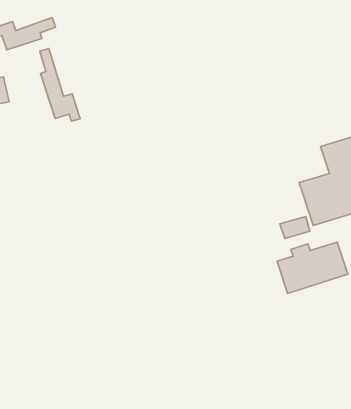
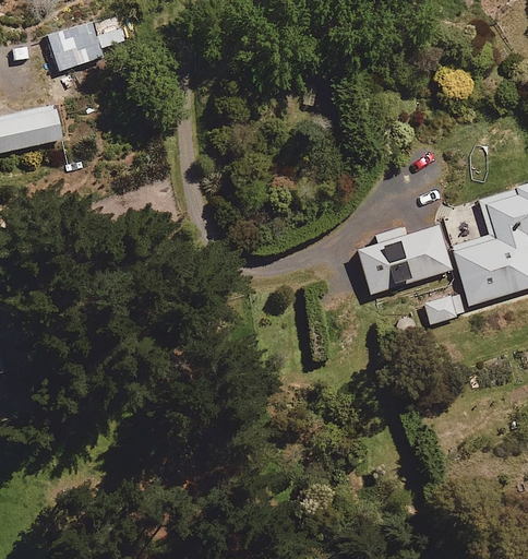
building: [40,48,80,121] -> none
building: [277,242,348,293] -> [357,226,452,295]

